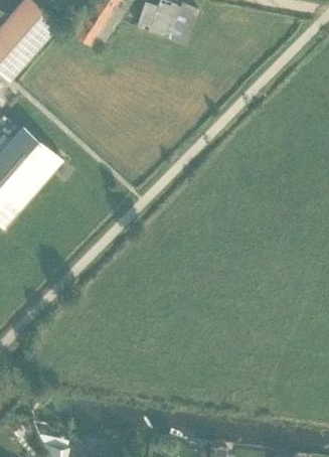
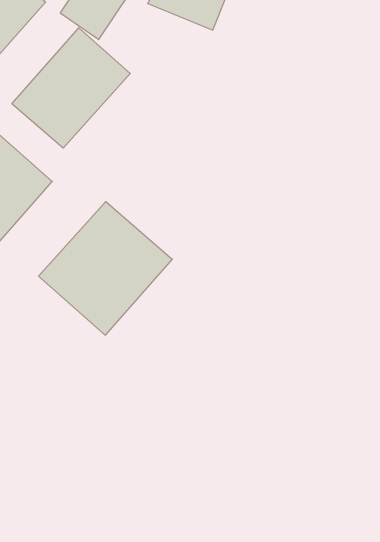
building: none -> [12,28,130,148]
building: none -> [39,202,172,335]

